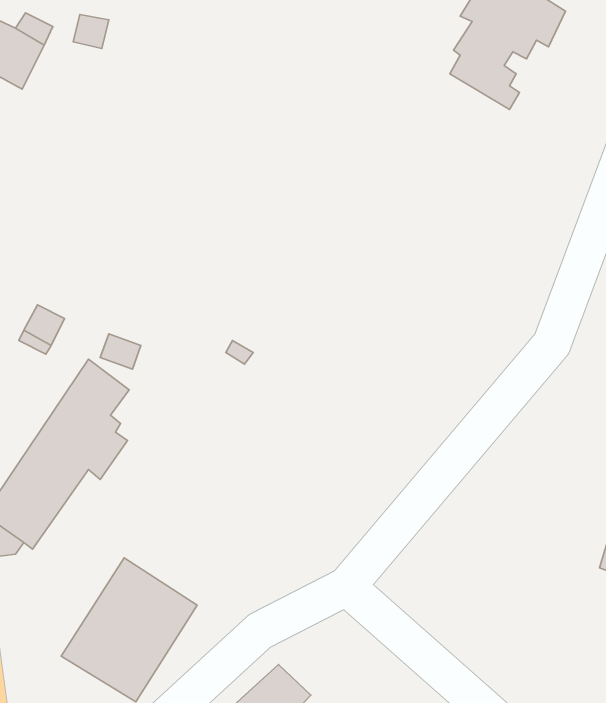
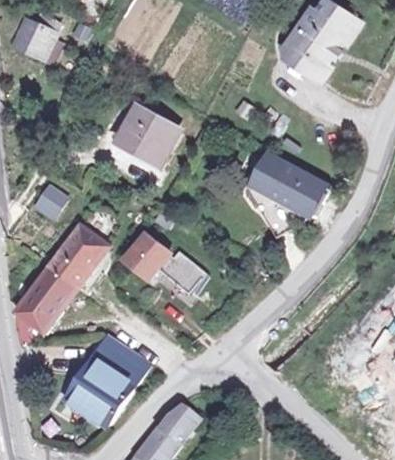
building: none -> [119,105,177,158]
building: none -> [254,154,323,216]
building: none -> [123,233,205,290]

